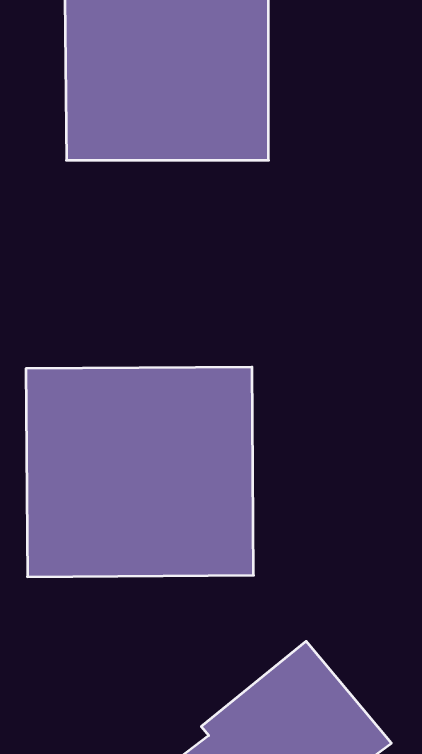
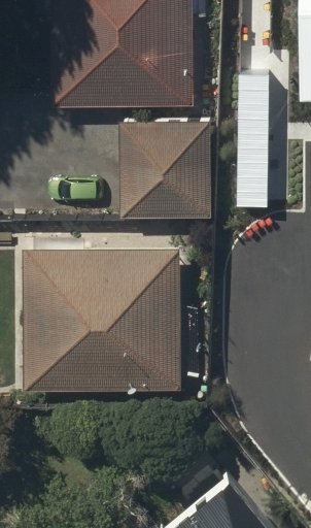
building: none -> [119,126,212,222]

